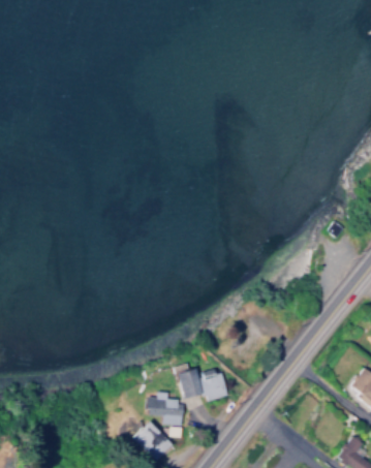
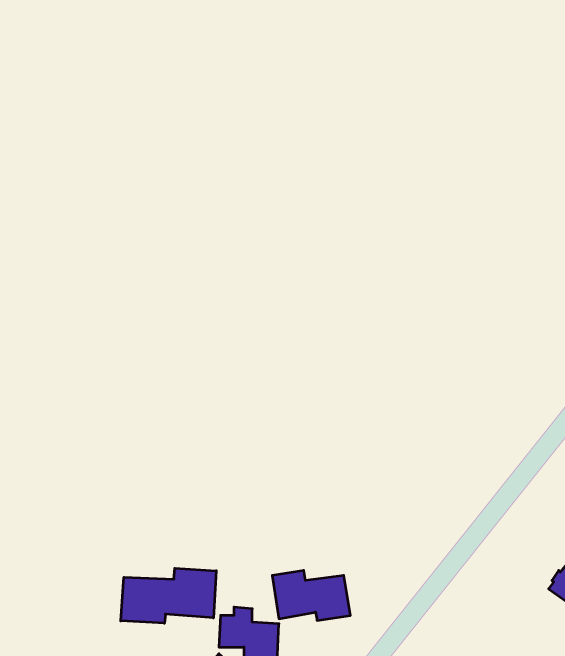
building: none -> [121,568,216,623]

